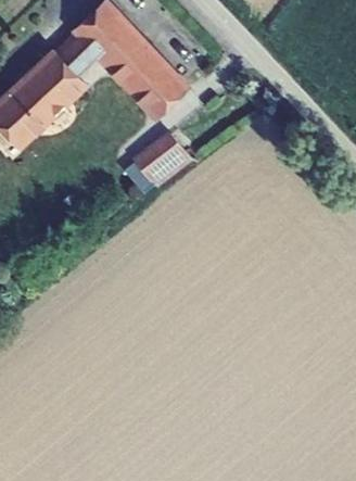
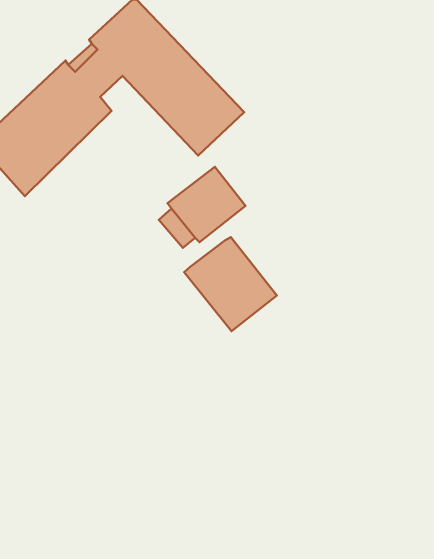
building: none -> [184,237,277,331]

